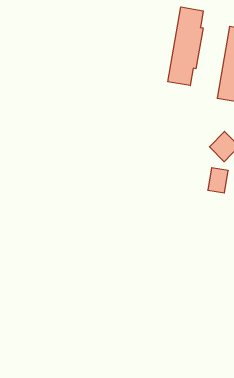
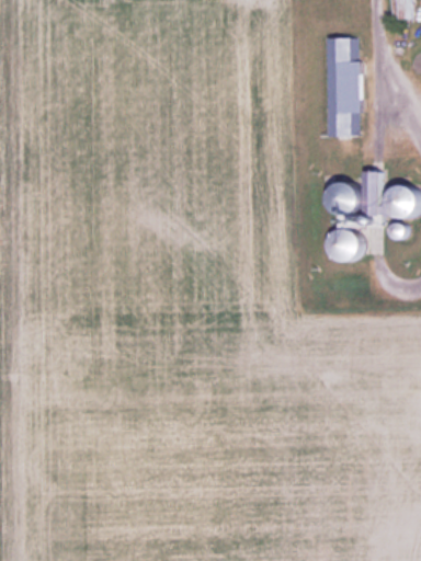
building: [168,7,203,86] -> none

